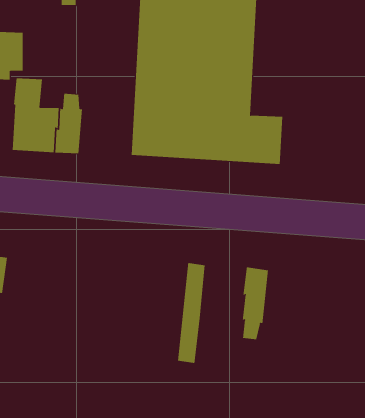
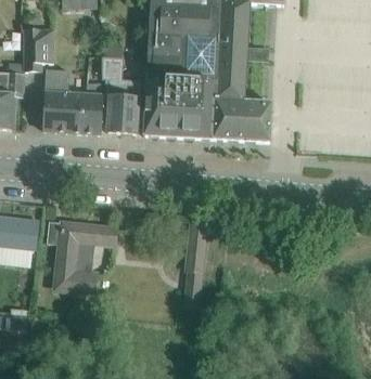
building: none -> [100,56,140,133]
building: none -> [46,221,115,292]
building: [242,266,268,340] -> none

